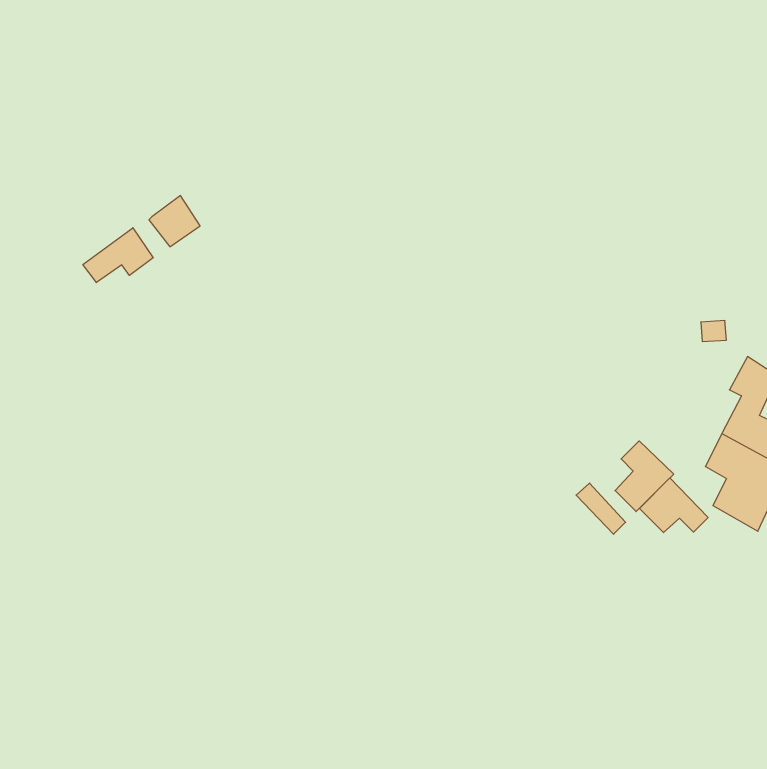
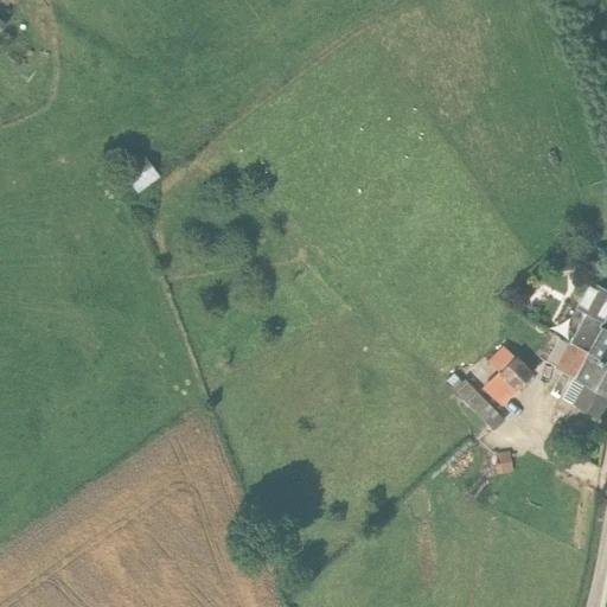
building: [83,228,153,283] -> none
building: [639,478,708,533] -> none

